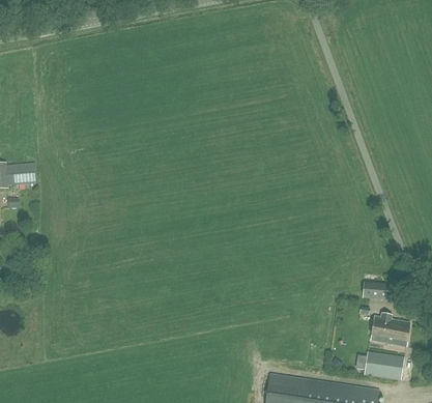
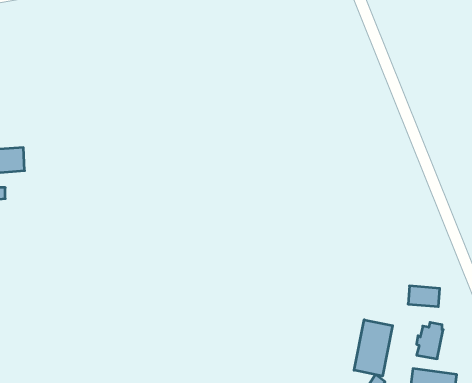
building: none -> [354,320,393,376]
building: [386,318,409,346] -> none

